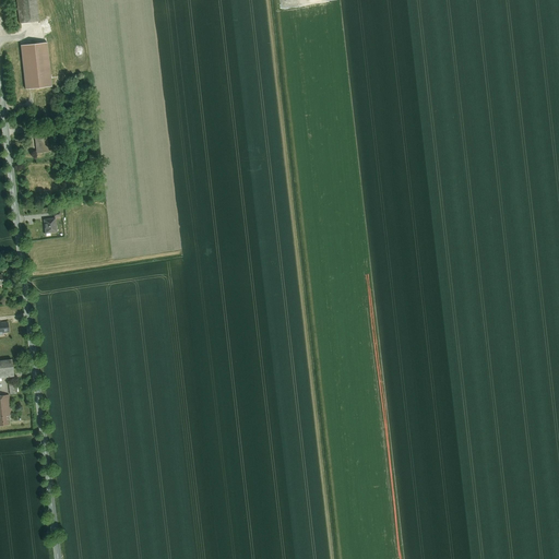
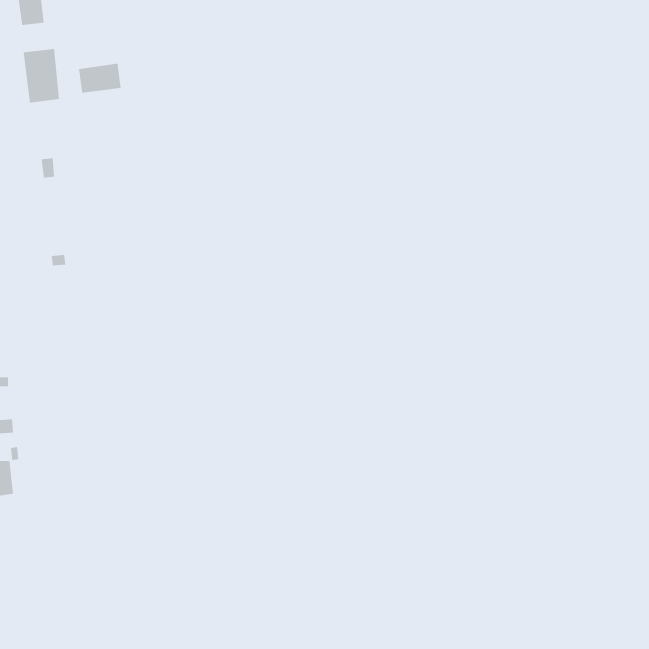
building: none -> [79,63,121,94]

